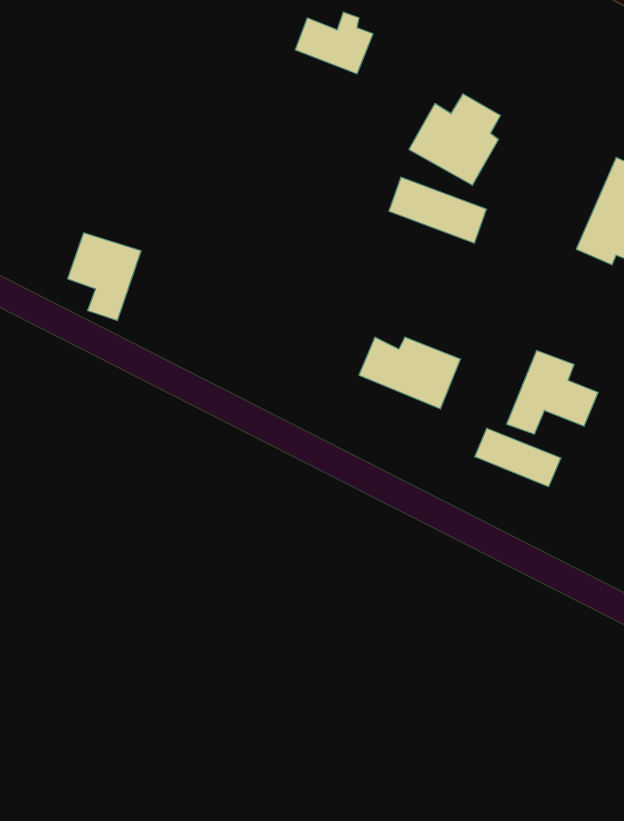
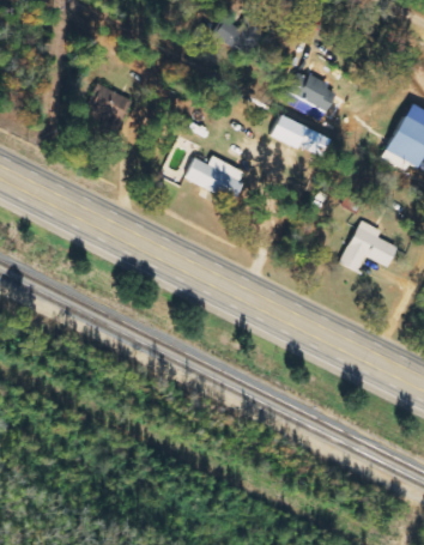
building: [68,233,141,321] -> [85,85,129,138]
building: [359,337,461,409] -> [183,157,244,200]
building: [475,428,561,487] -> none

